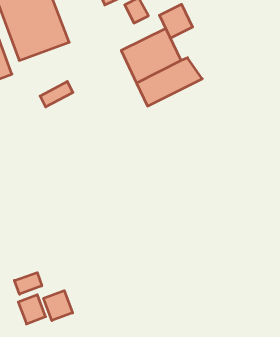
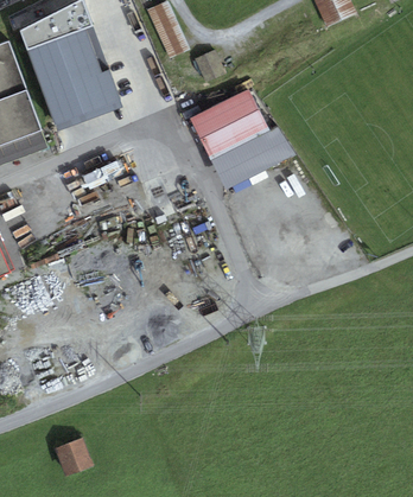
building: [159,4,193,38] -> none
building: [14,273,42,294] -> none
building: [44,291,73,321] -> none

